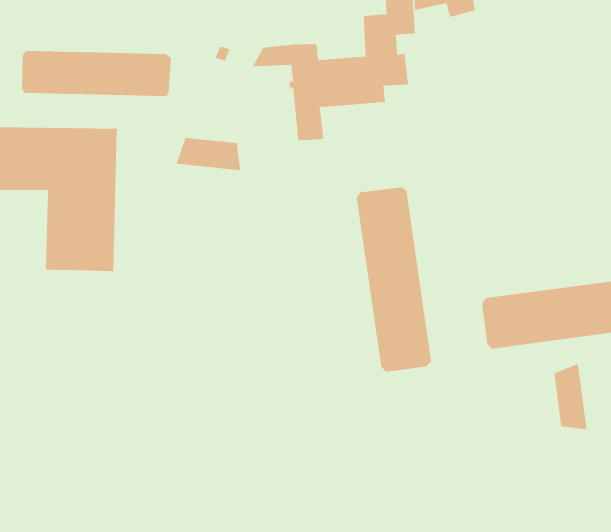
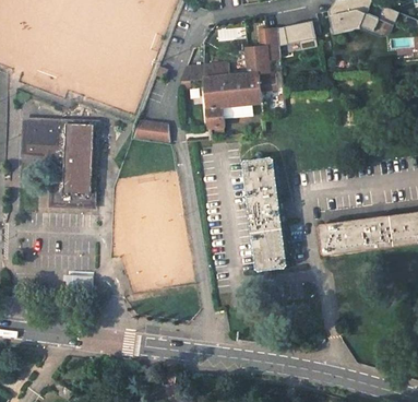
building: [22,50,171,97] -> none
building: [554,363,587,430] -> none

